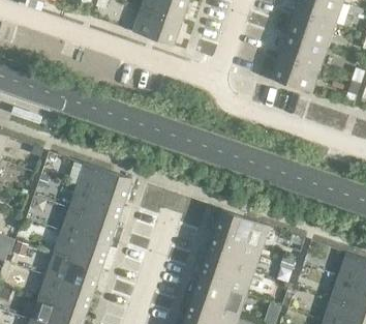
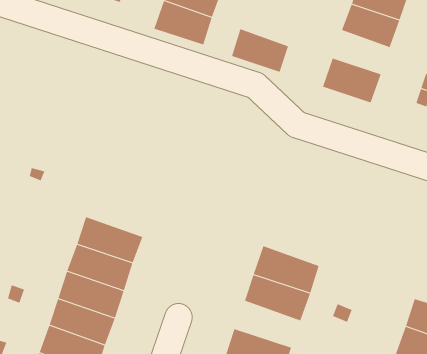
building: [278,32,326,68] -> [231,29,289,73]
building: [75,163,131,202] -> none
building: [197,255,252,293] -> none

